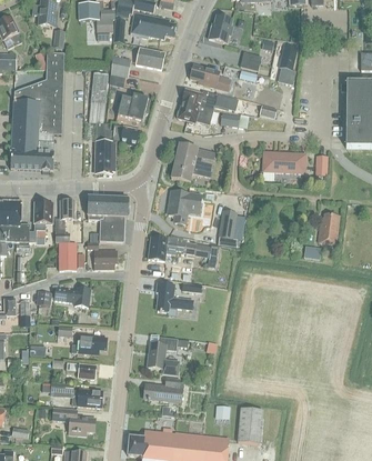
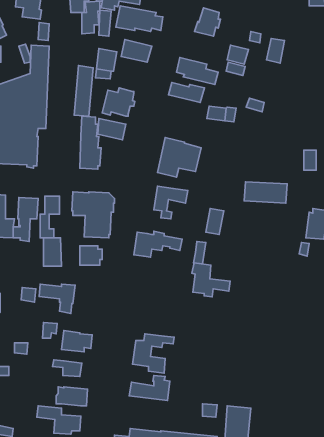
building: [175,100,212,123] -> none
building: [262,151,304,172] -> [244,182,287,203]
building: [154,281,192,314] -> [192,263,230,297]

